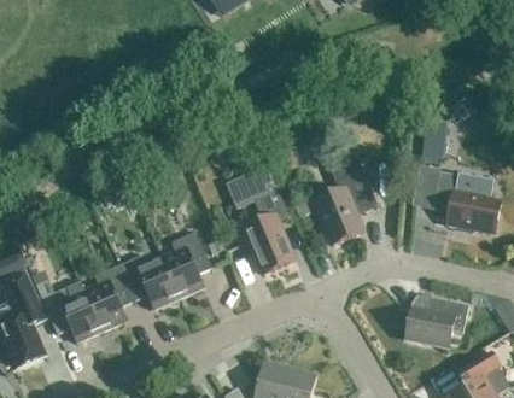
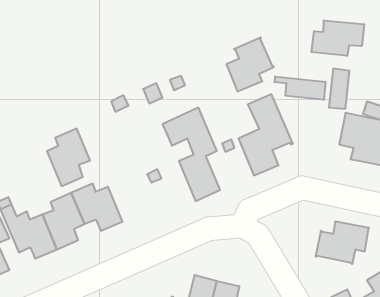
building: none -> [311,20,364,56]
building: none -> [227,37,274,92]
building: none -> [275,76,325,100]
building: [162,230,212,298] -> [47,129,90,186]

